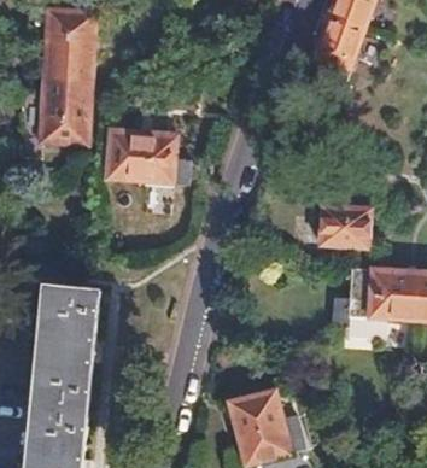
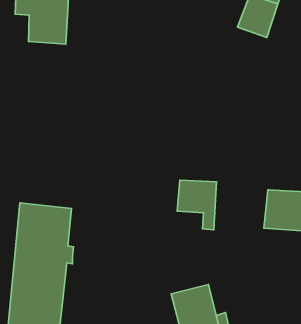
building: [41,76,93,146] -> none
building: [106,129,177,181] -> none
building: [321,204,372,268] -> [177,180,216,230]

